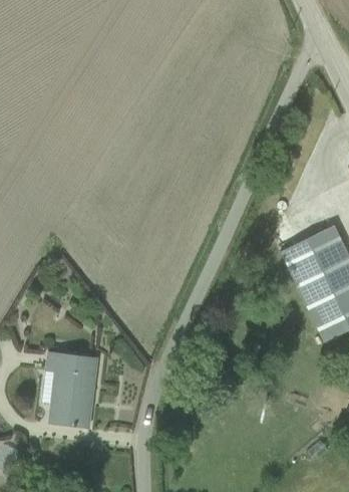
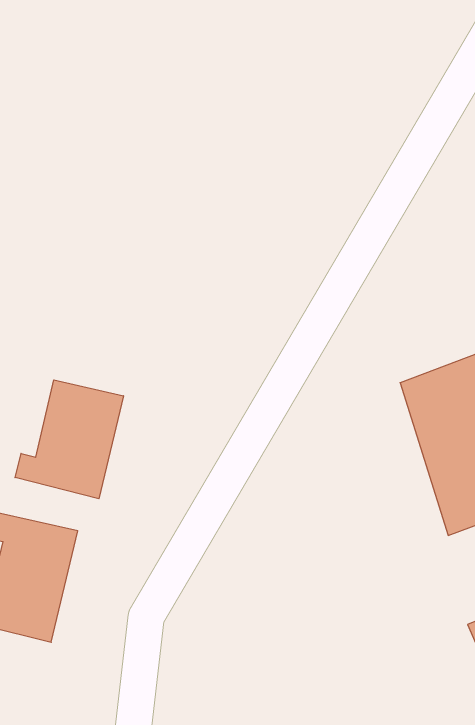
building: none -> [15,380,123,499]

